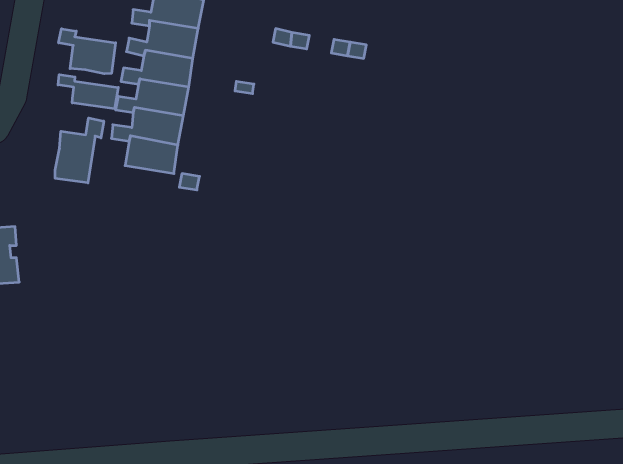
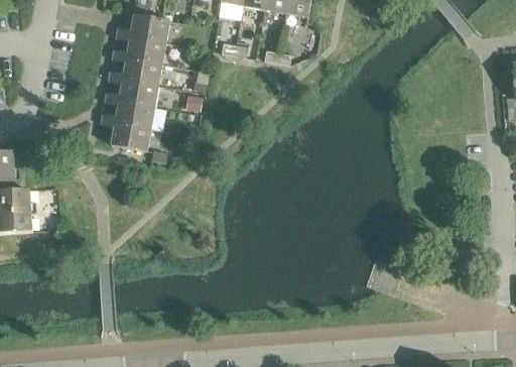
building: [59,29,116,74] -> none
building: [58,75,118,109] -> none
building: [55,118,104,183] -> none

